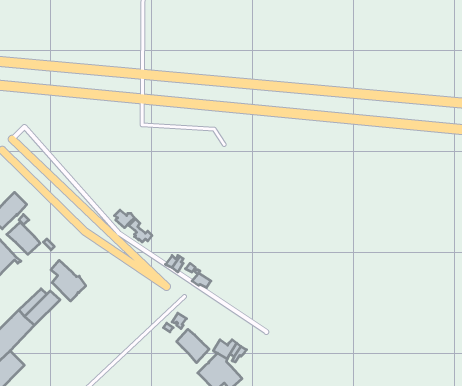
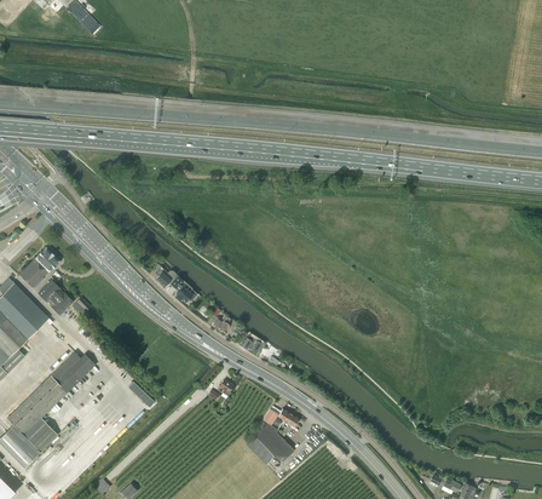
building: [51,260,86,301] -> none
building: [177,329,209,363] -> none

